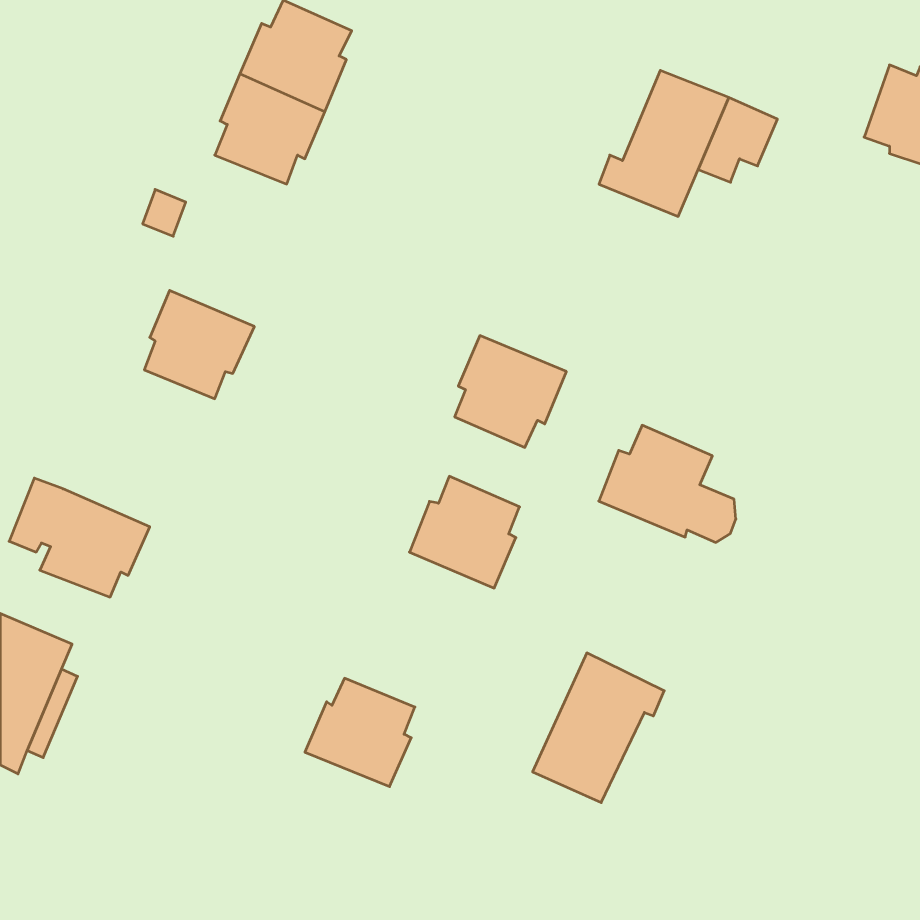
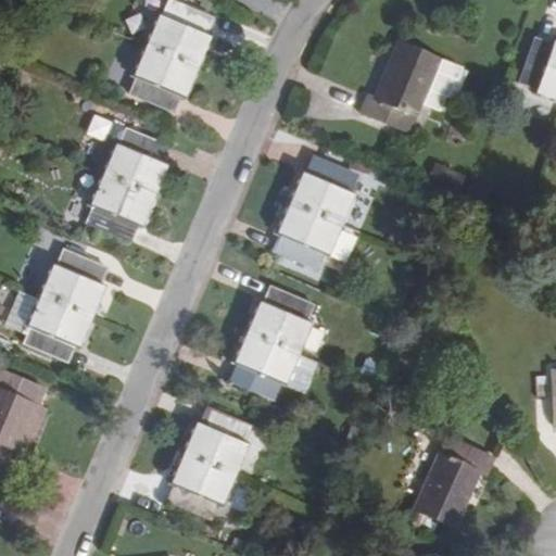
building: none -> [103,128,168,197]
building: none -> [39,250,106,317]
building: [599,425,736,542] -> [290,156,372,227]
building: none -> [232,332,299,397]
building: [533,653,664,803] -> [415,437,494,527]
building: none -> [169,453,236,519]

